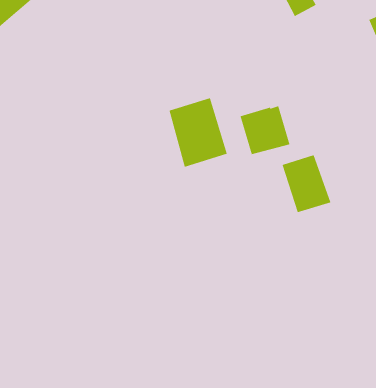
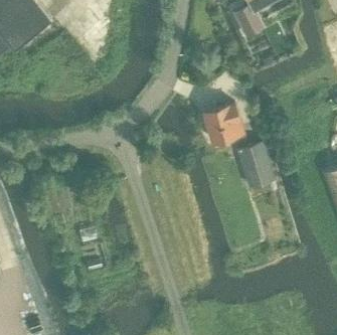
building: [168,97,228,168] -> none

